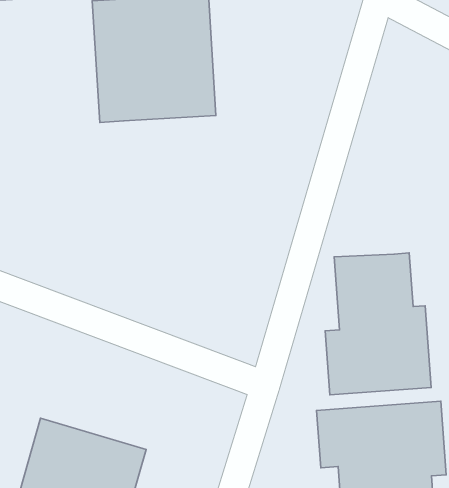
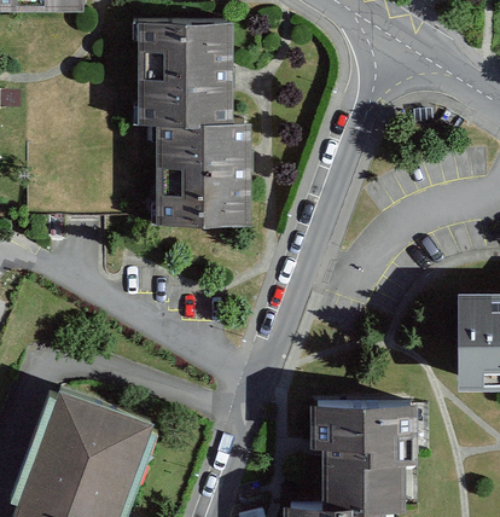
building: none -> [155,127,248,222]
building: [325,253,431,395] -> none

